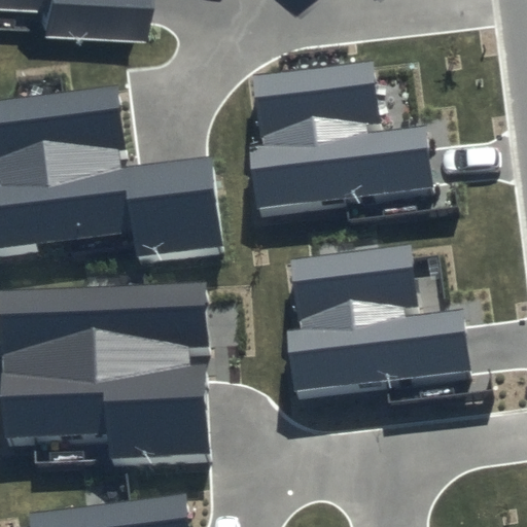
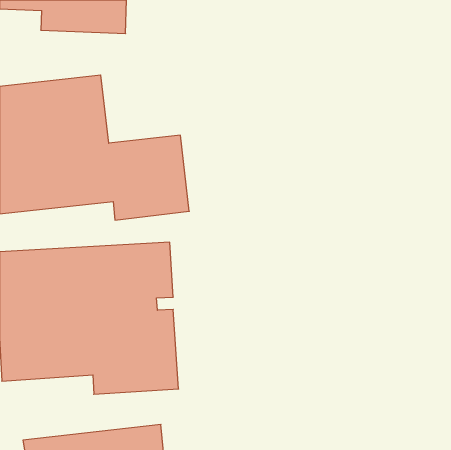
building: [248,65,433,212] -> none
building: [286,248,468,389] -> none

